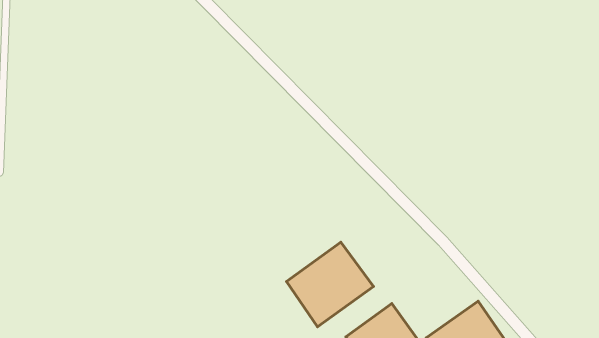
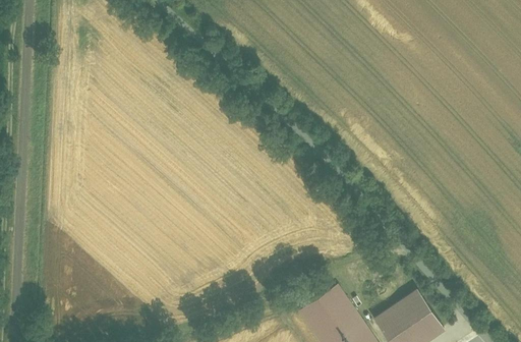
building: [286,242,373,327] -> none

